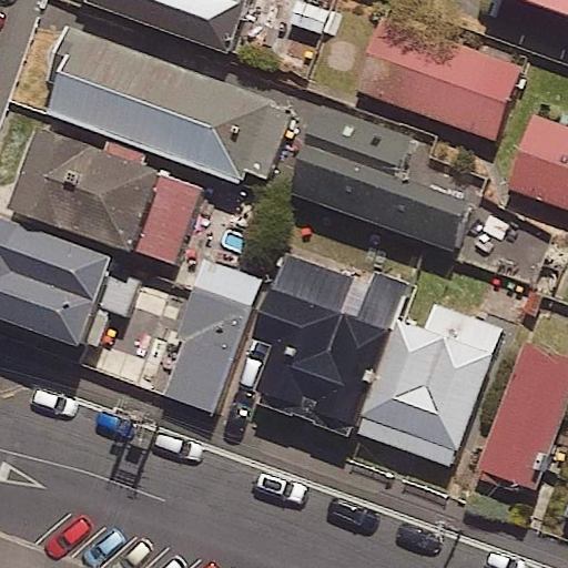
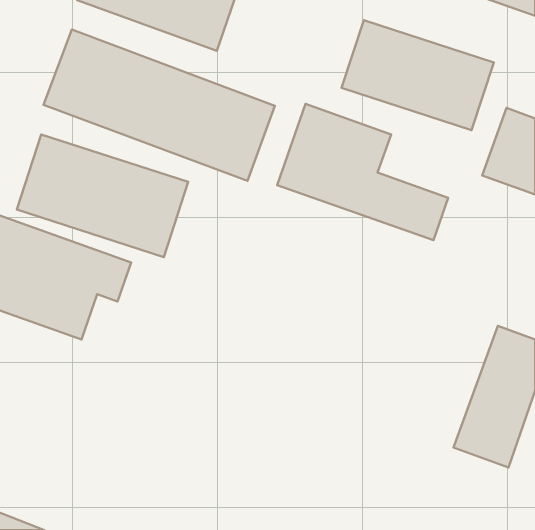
building: [251,241,403,430] -> none
building: [161,251,260,408] -> none
building: [361,301,500,464] -> none

